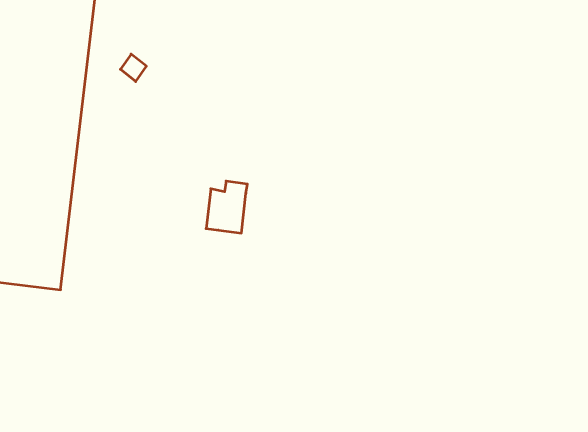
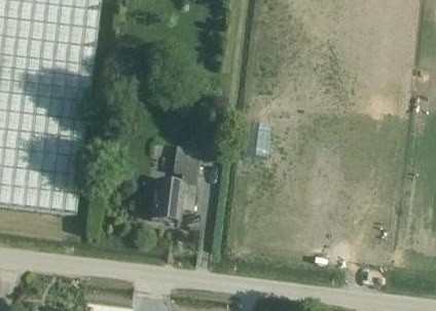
building: none -> [151,181,195,222]

